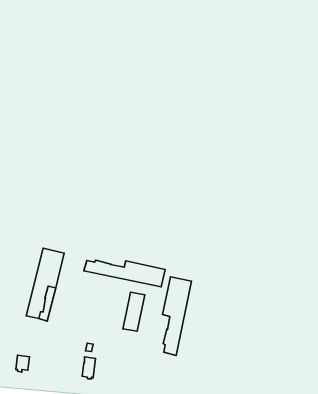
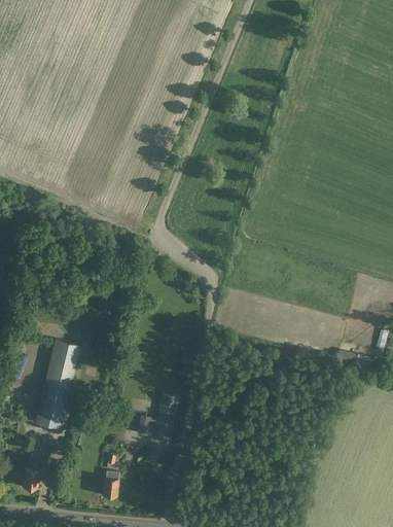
building: [84,260,165,287] -> none
building: [162,277,192,356] -> none

